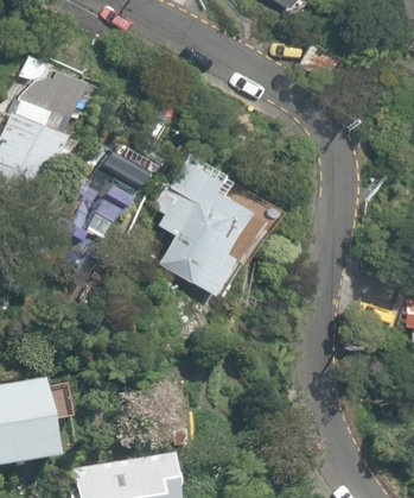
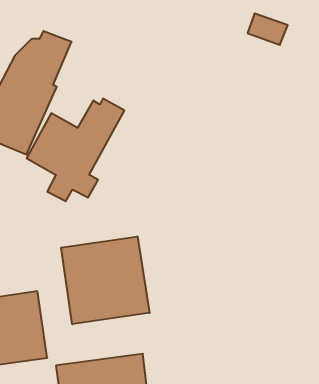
building: [151,157,254,292] -> none
building: none -> [61,236,150,324]

